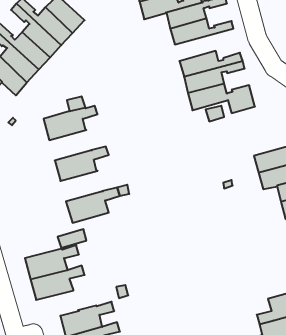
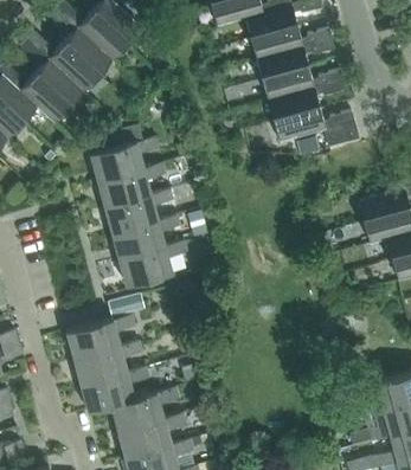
building: none -> [257,39,334,81]
building: none -> [97,163,166,207]
building: none -> [111,215,180,259]
building: none -> [81,367,149,412]

